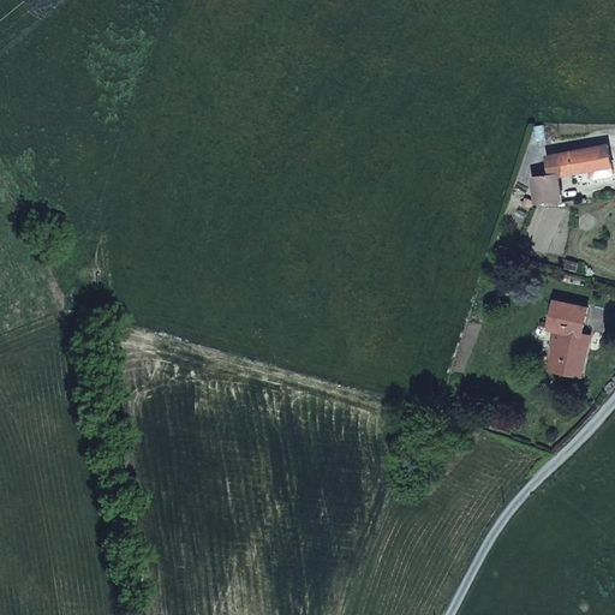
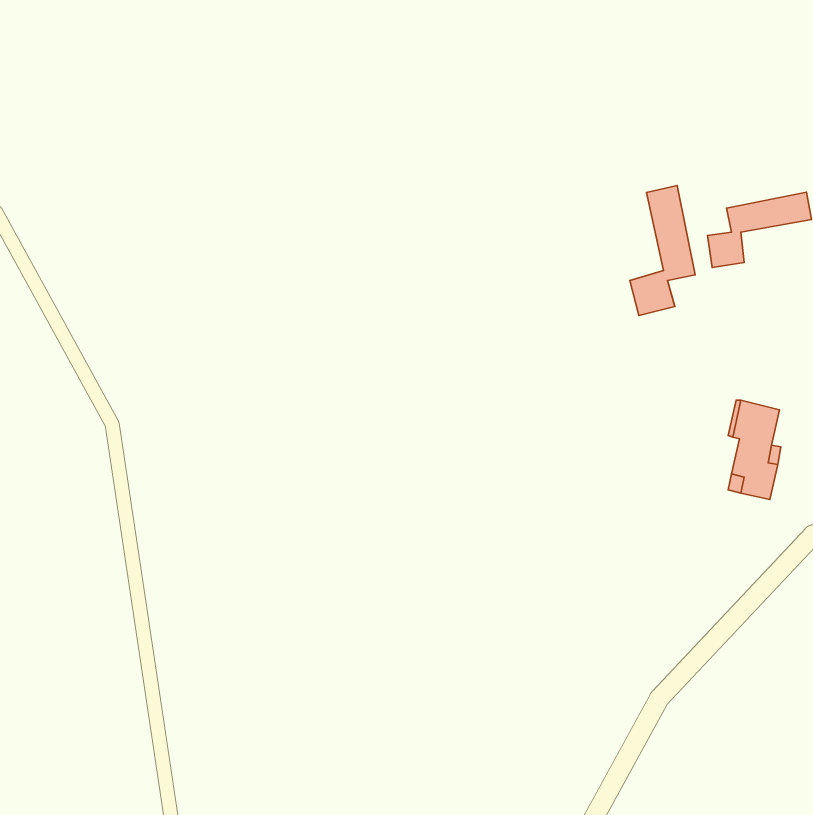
building: none -> [630,186,695,315]

